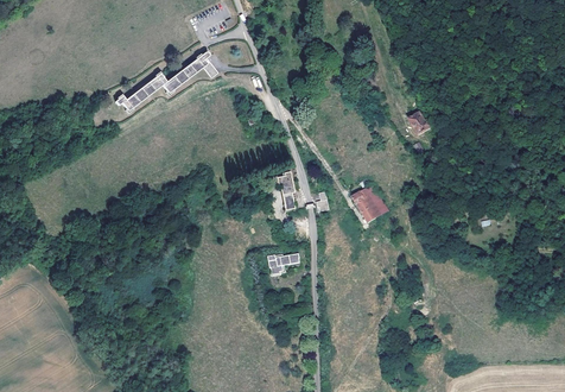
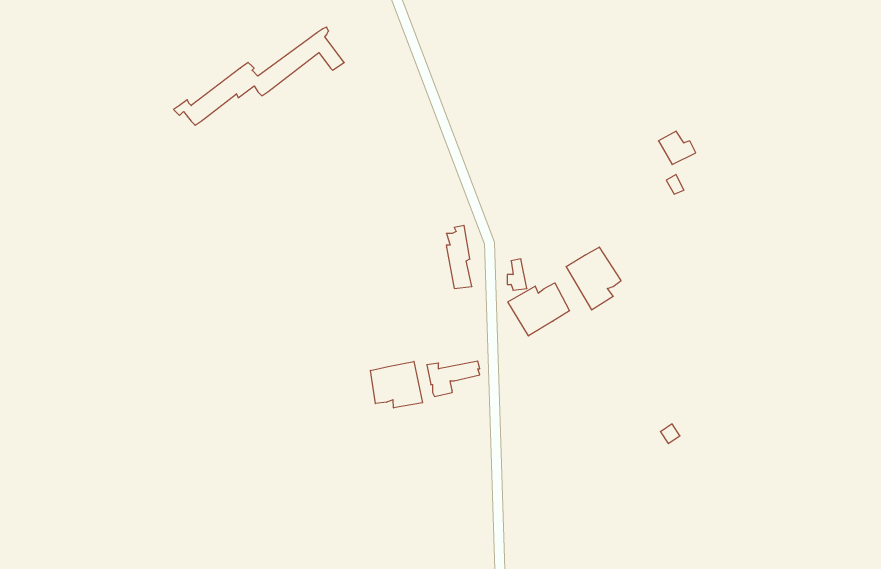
building: none -> [508,283,570,336]
building: none -> [370,361,423,408]

